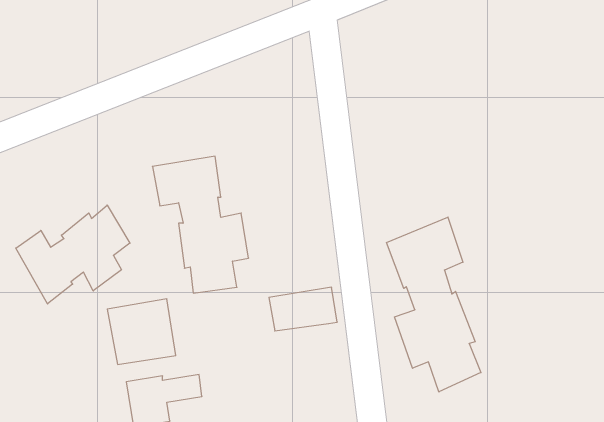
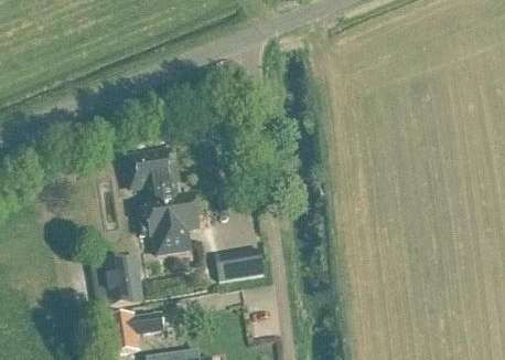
building: [16,205,130,304] -> none
building: [387,217,481,392] -> none

